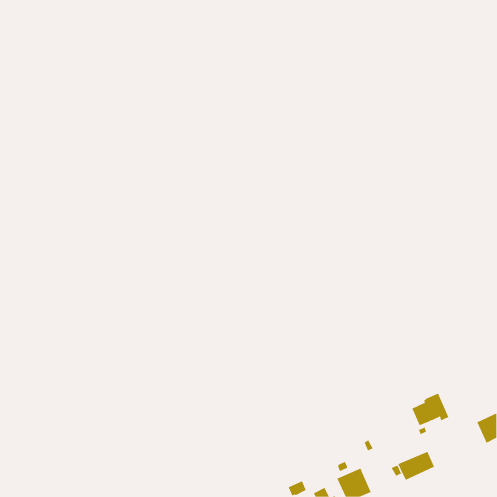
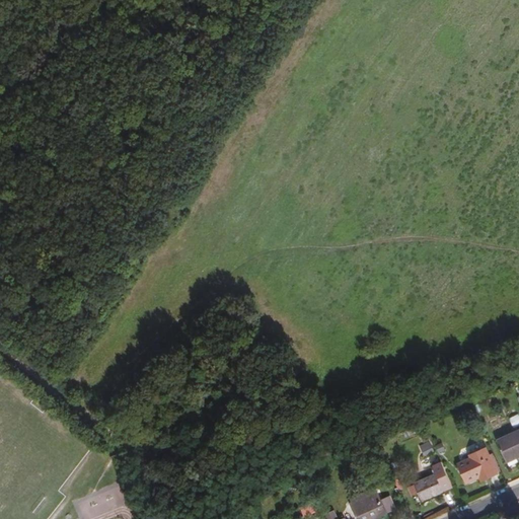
building: [411,393,449,426] -> [458,448,498,483]

